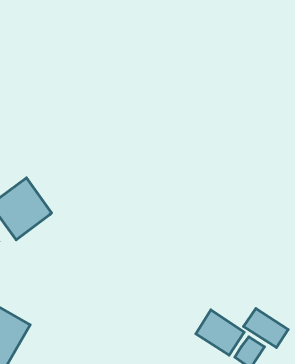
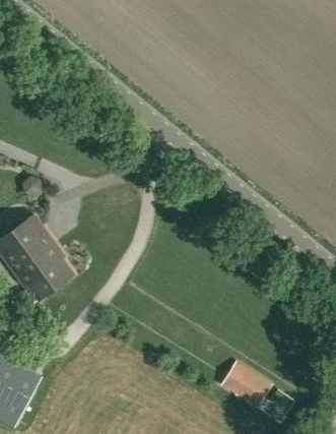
building: none -> [23,255,74,301]
building: [243,308,288,347] -> none

